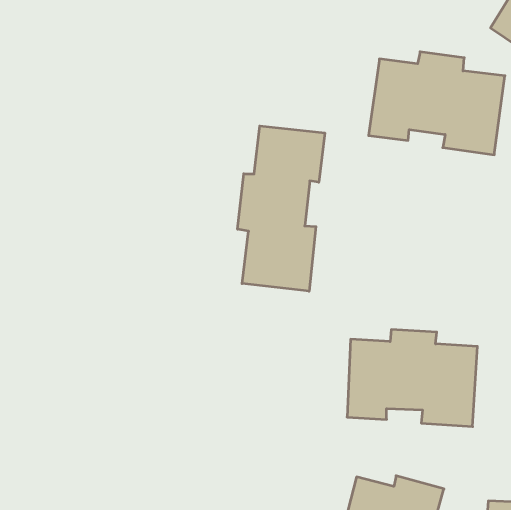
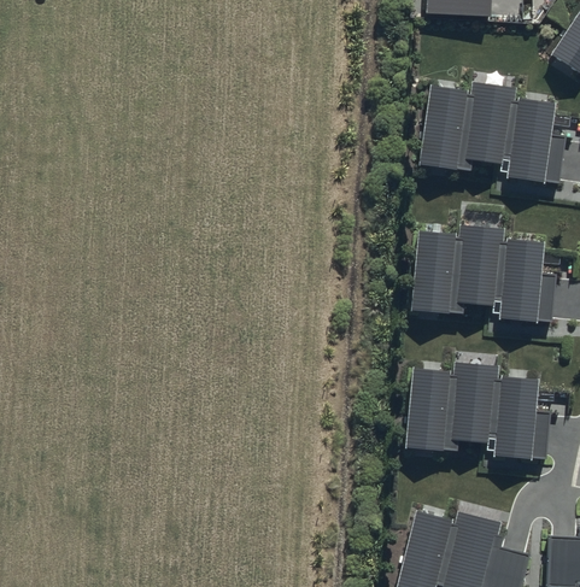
building: [238,126,325,291] -> none
building: none -> [411,223,546,324]

